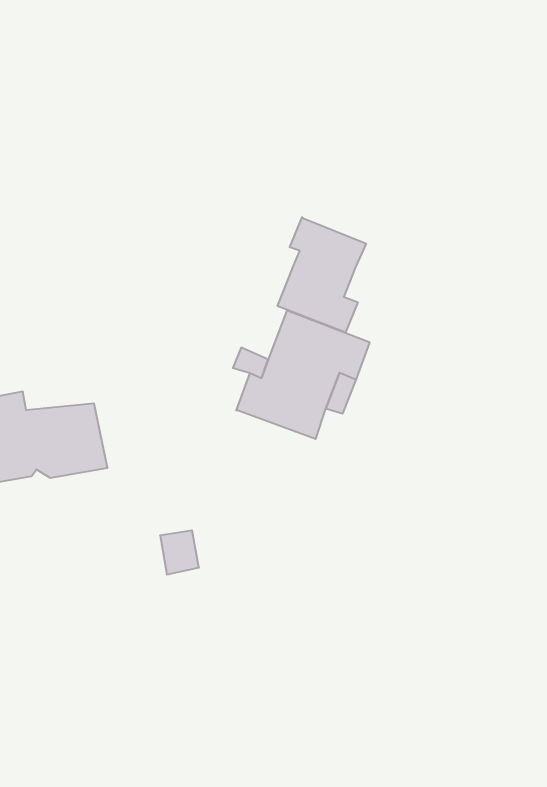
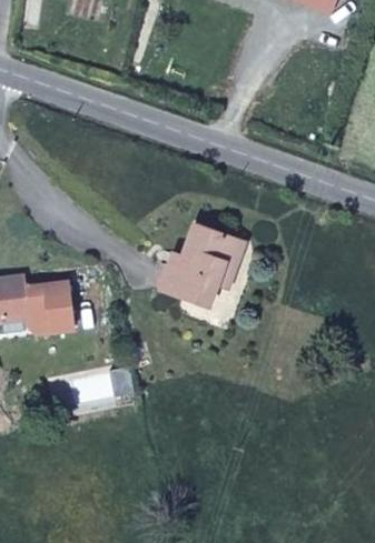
building: [278,217,366,332] -> none

